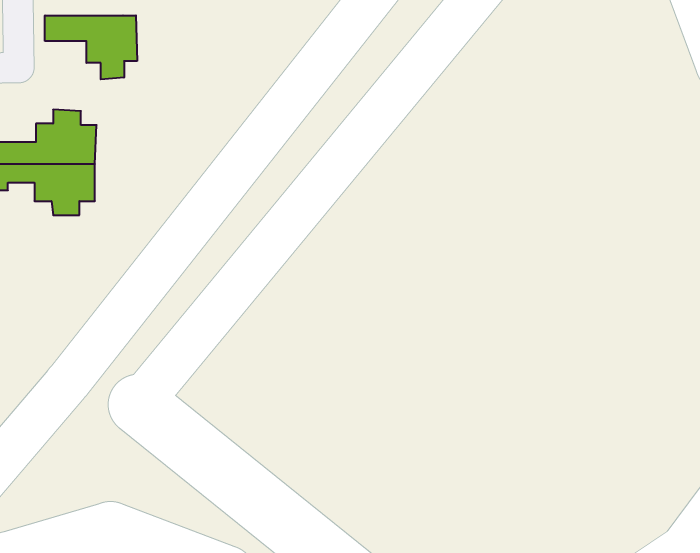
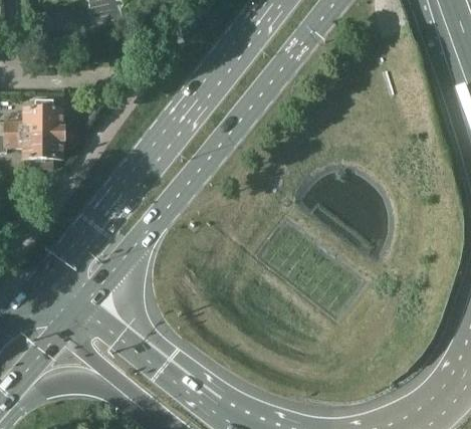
building: [45,15,137,79] -> none

